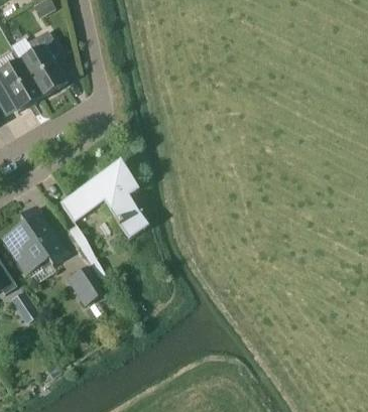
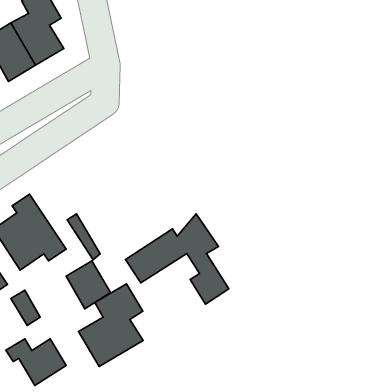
building: [58,161,147,239] -> [126,214,229,304]
building: none -> [78,284,143,366]
building: none -> [6,339,66,385]

